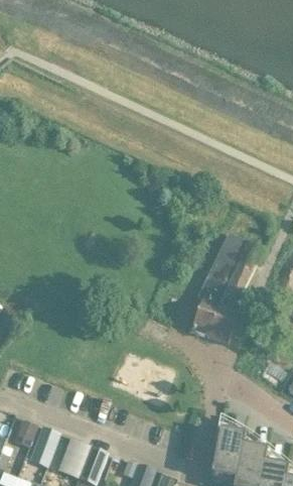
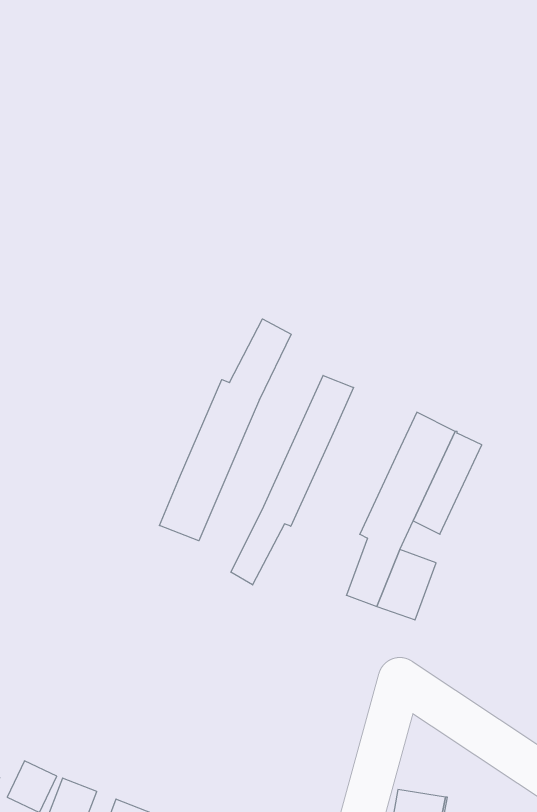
building: none -> [159,319,291,541]
building: none -> [231,375,354,585]

